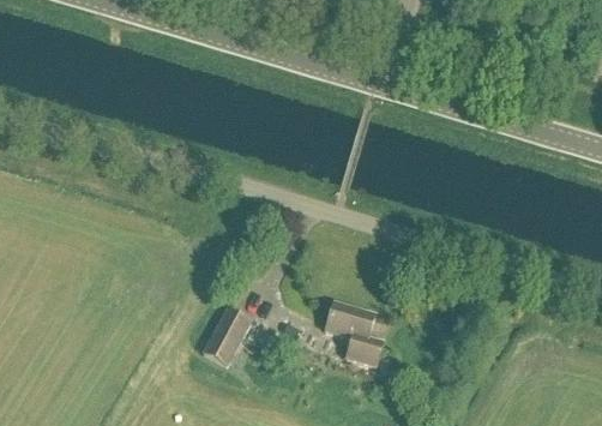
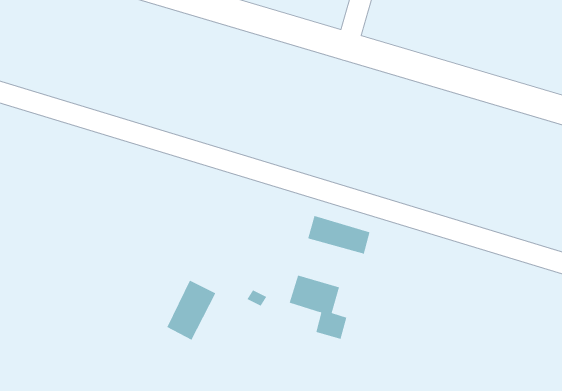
building: none -> [307,215,370,255]

